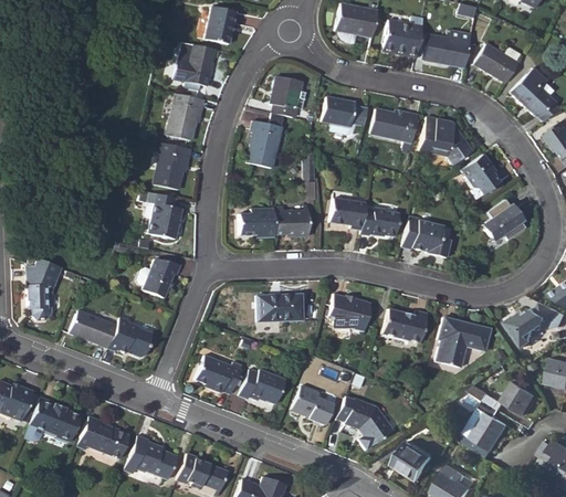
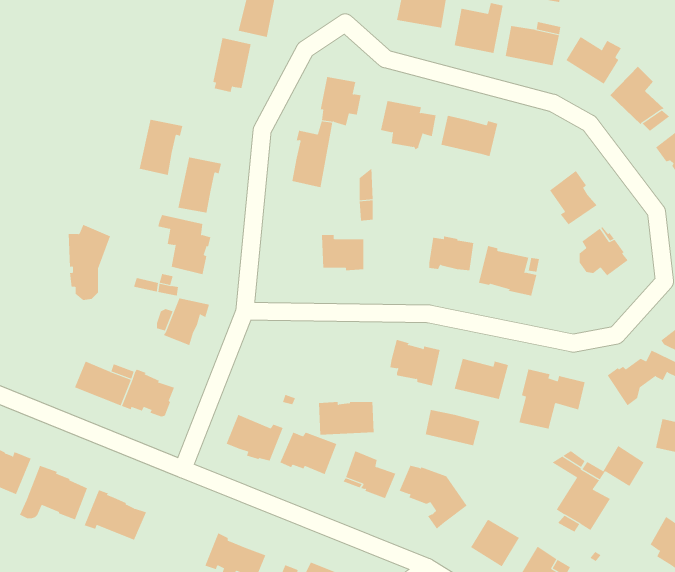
building: [168,94,205,140] -> [139,119,183,175]
building: [419,116,473,165] -> none
building: [331,198,366,230] -> none
building: [240,208,274,236] -> none
building: [27,257,62,320] -> [68,224,111,301]
building: [256,294,303,321] -> [318,401,375,435]
building: none -> [425,409,480,446]
building: [125,435,177,479] -> none

